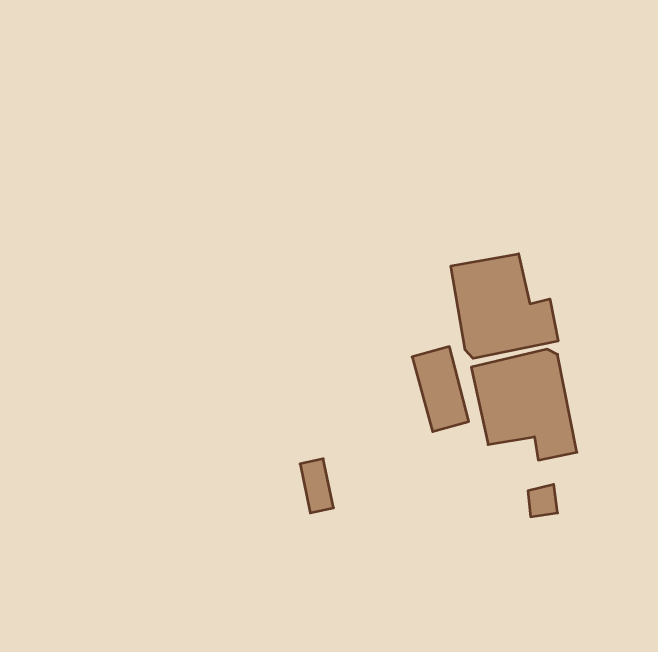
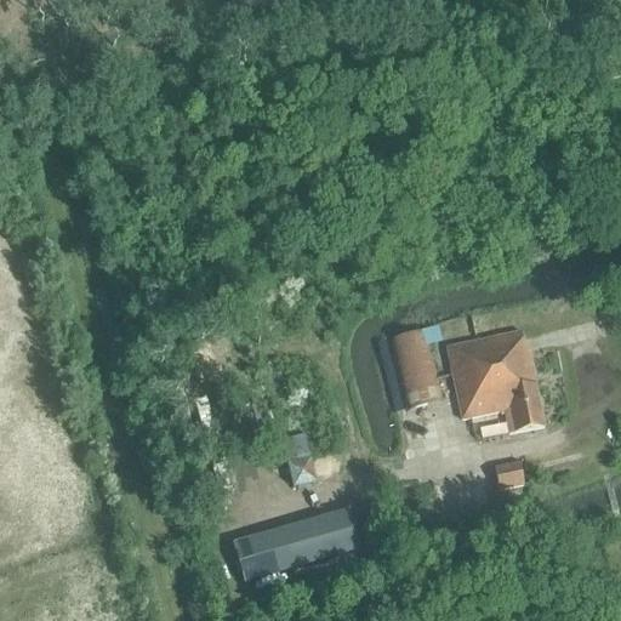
building: [451,254,558,358] -> none
building: none -> [234,507,360,579]

